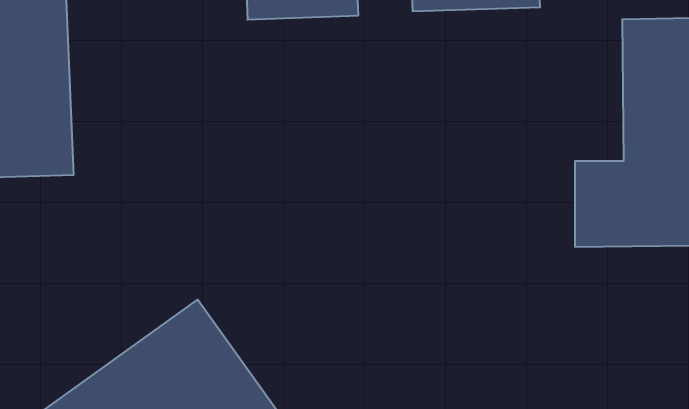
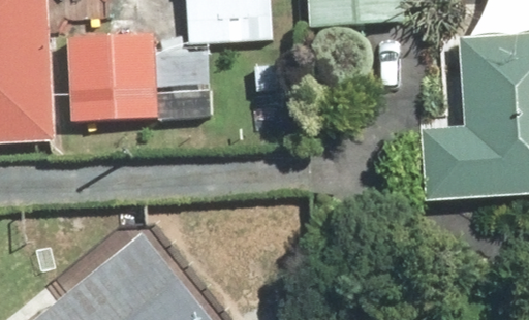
building: none -> [73,40,157,118]

